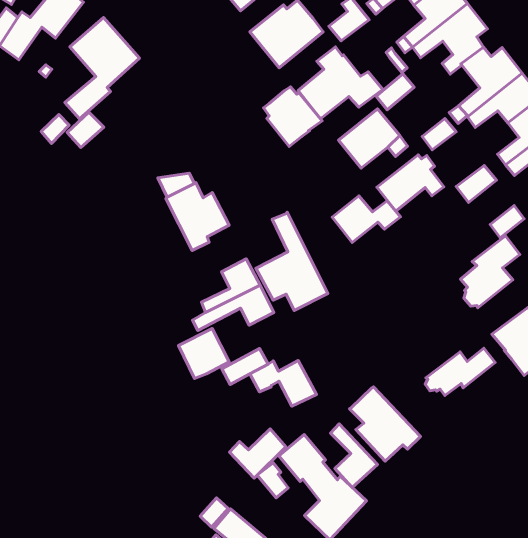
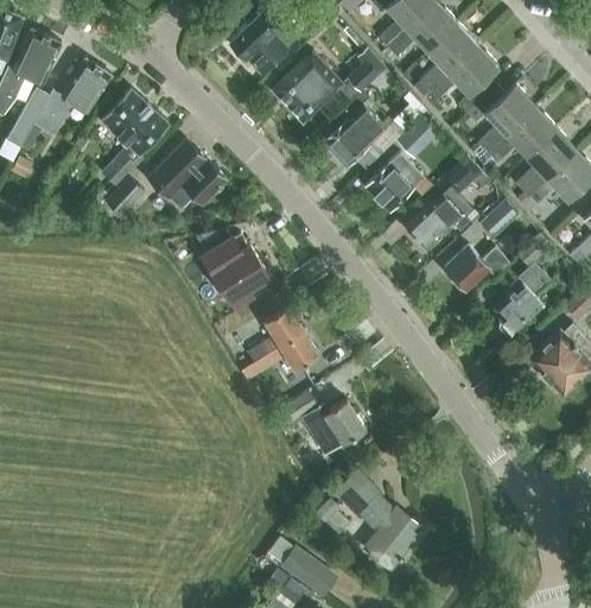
building: none -> [148,140,227,209]
building: [263,87,322,147] -> none
building: [332,196,401,242] -> [444,246,509,291]
building: [256,212,328,311] -> none
building: [178,328,229,378] -> none
building: [425,348,495,396] -> none
building: [349,387,421,461] -> none
building: [330,424,377,487] -> none
building: [229,429,286,478] -> none

